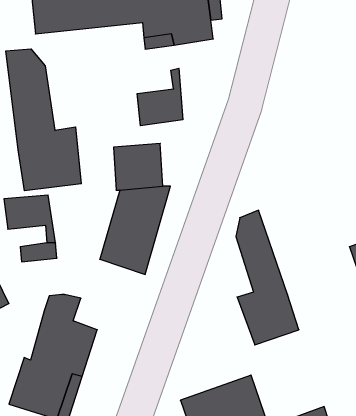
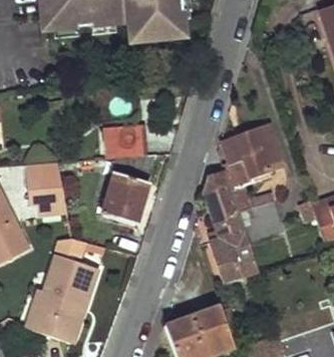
building: [6,49,81,191] -> none
building: [137,68,183,126] -> none
building: none -> [220,122,284,241]

